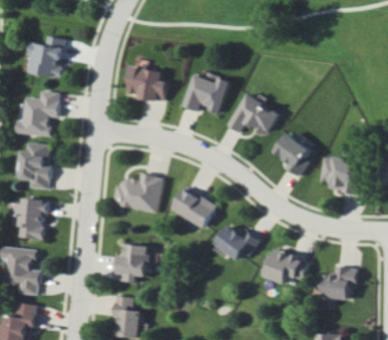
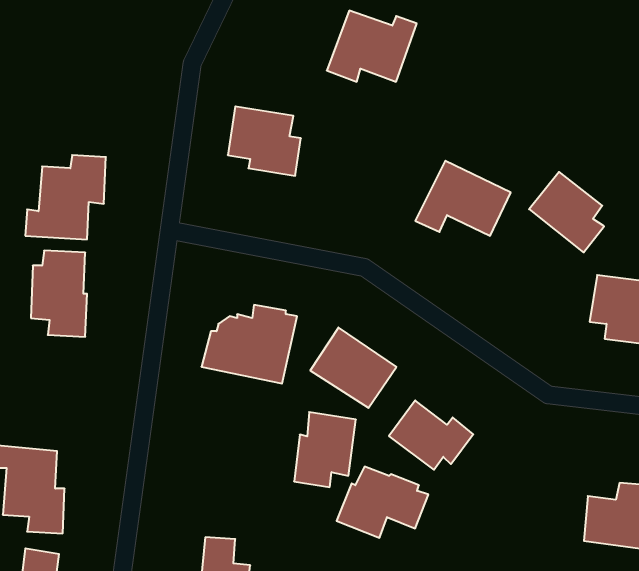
building: [29,36,68,77] -> none
building: [180,74,229,112] -> [327,11,417,82]
building: [272,132,312,176] -> [529,172,604,252]
building: [14,198,48,240] -> none
building: [114,243,147,283] -> [294,412,356,487]
building: [260,248,309,286] -> [337,467,428,538]

